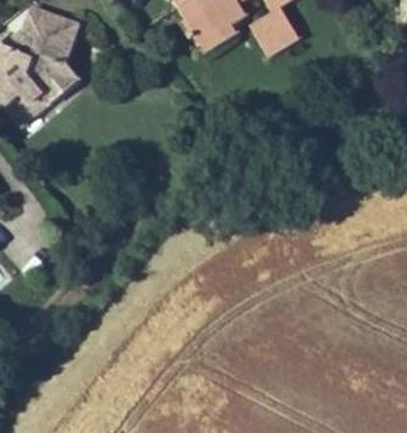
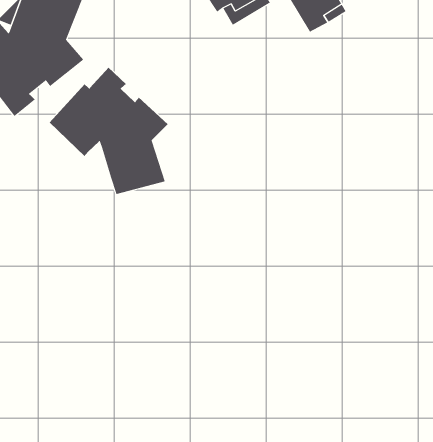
building: none -> [49,67,168,195]

